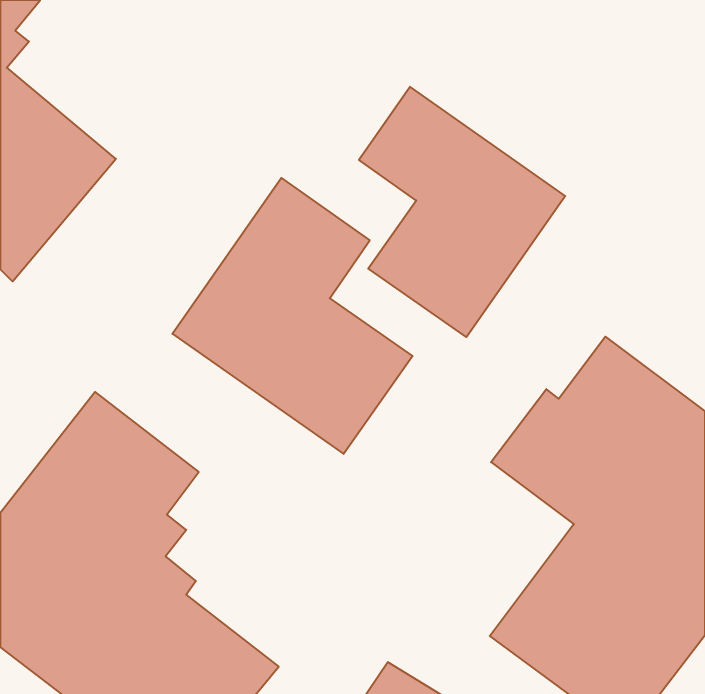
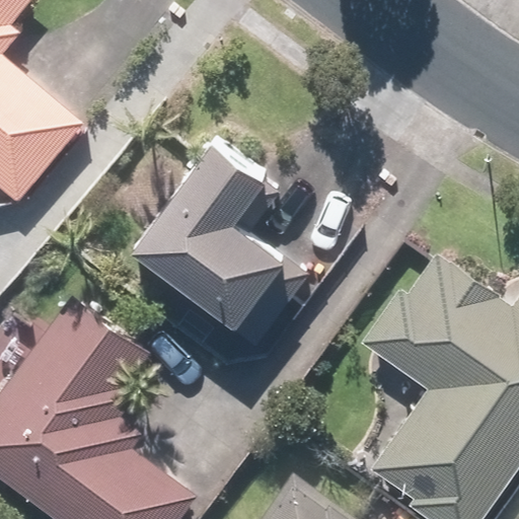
building: [359,87,565,337] -> none

